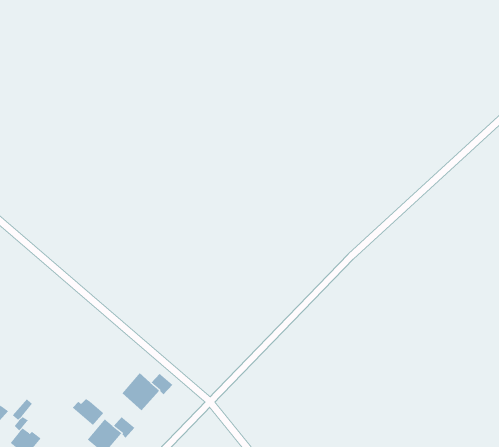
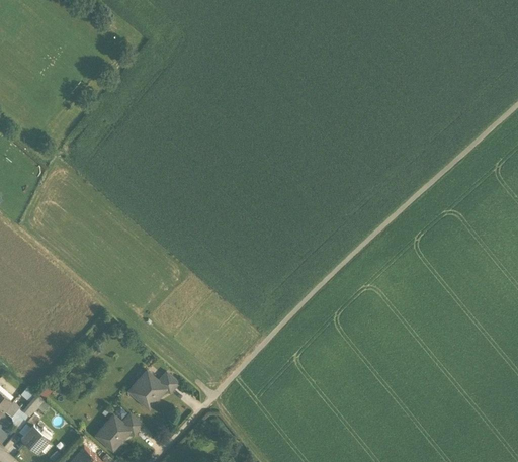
building: [72,398,104,426] -> none

